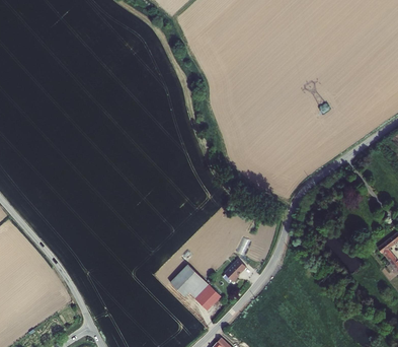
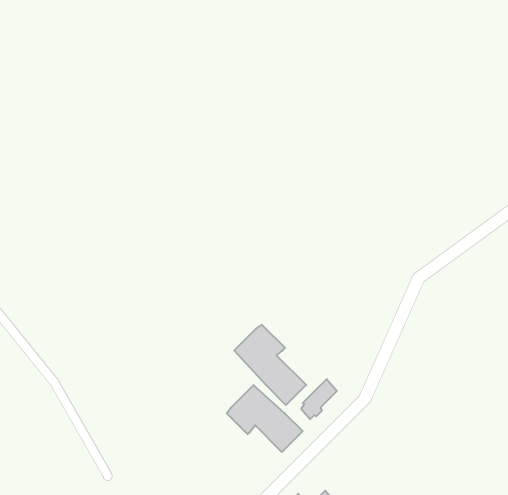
building: none -> [234,325,306,405]

